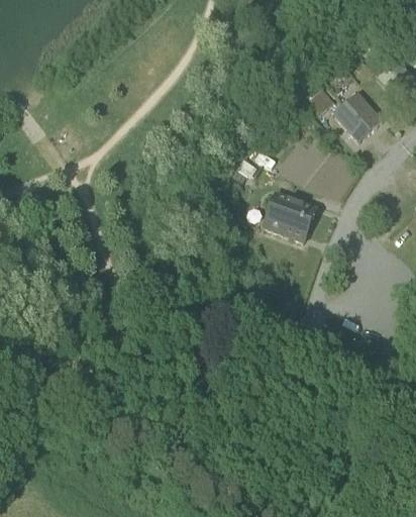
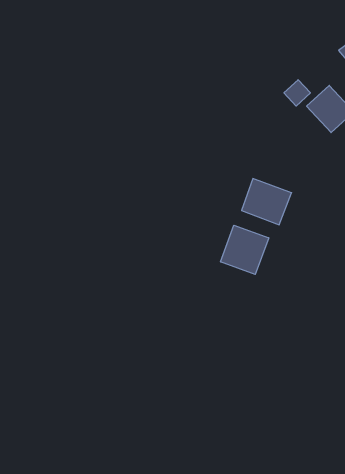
building: none -> [221,225,269,274]

